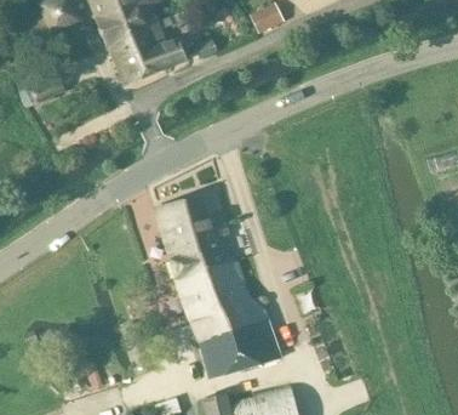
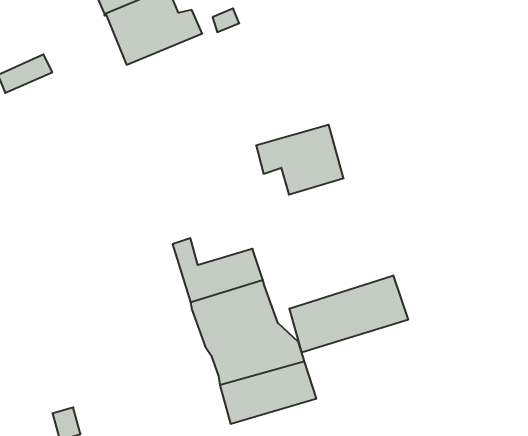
building: [155,192,227,249] -> [256,125,344,195]
building: none -> [289,275,408,352]

